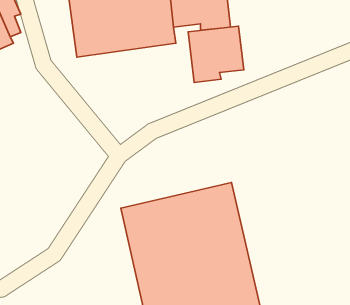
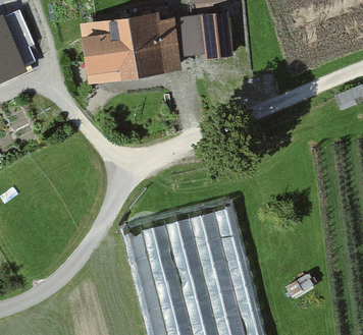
building: [188,26,244,82] -> none

